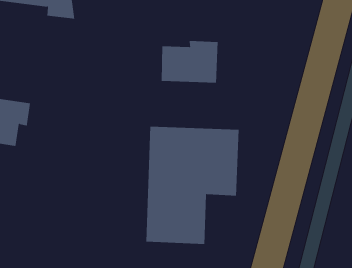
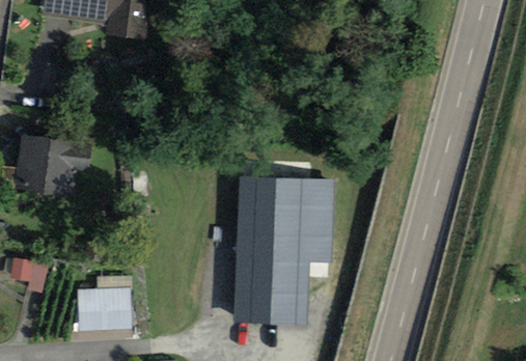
building: [161,40,218,84] -> none
building: none -> [78,284,132,338]

